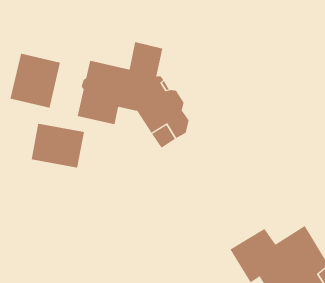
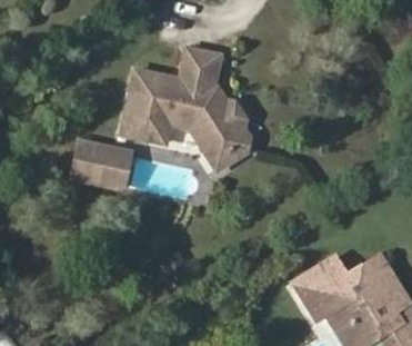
building: [10,53,61,108] -> none

